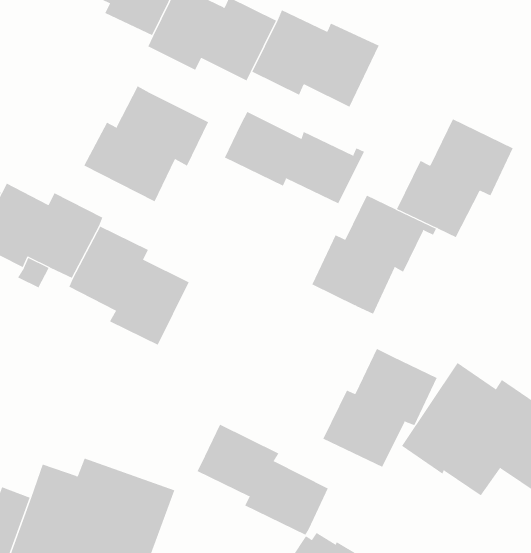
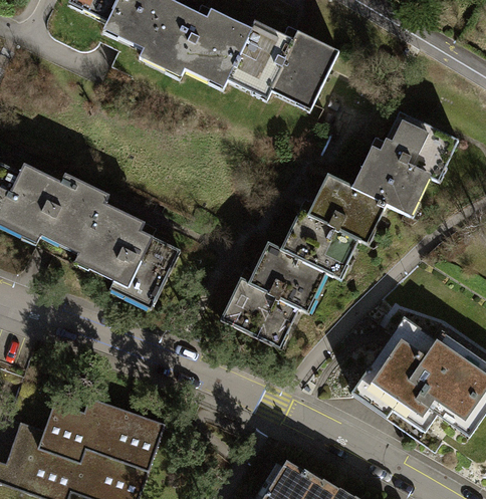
building: [83,86,209,202] -> none
building: [224,111,365,204] -> none
building: [323,348,437,468] -> [221,246,317,346]
building: [197,424,329,536] -> none

